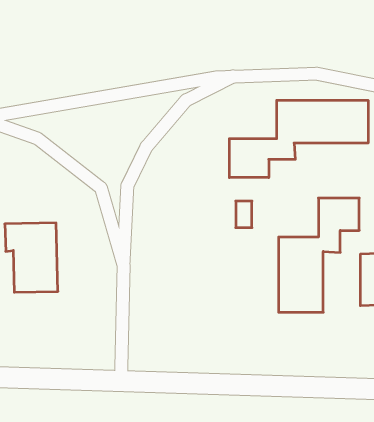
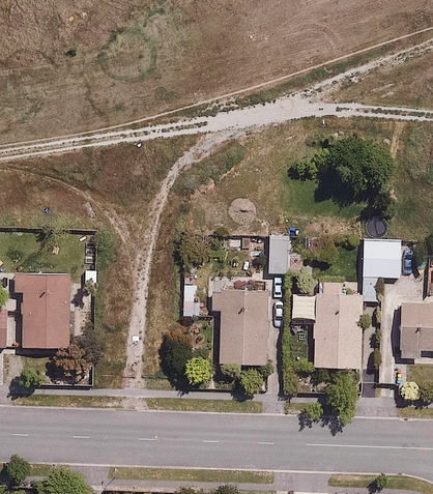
building: [229,100,368,178] -> none
building: none -> [214,284,267,365]

